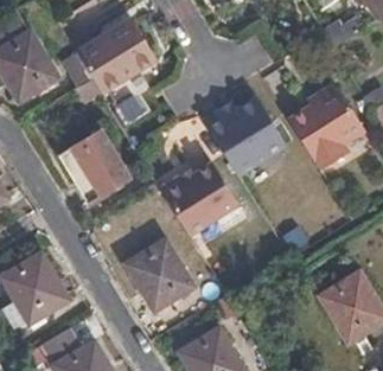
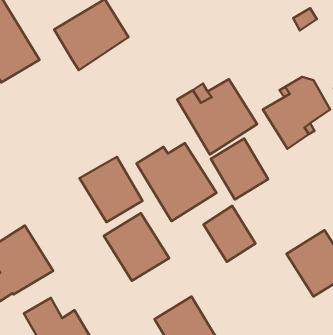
building: [62,132,128,200] -> [80,157,143,222]
building: none -> [211,138,268,199]
building: none -> [203,206,256,262]

